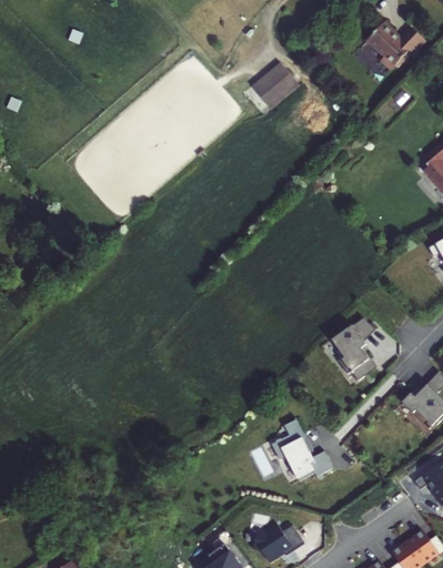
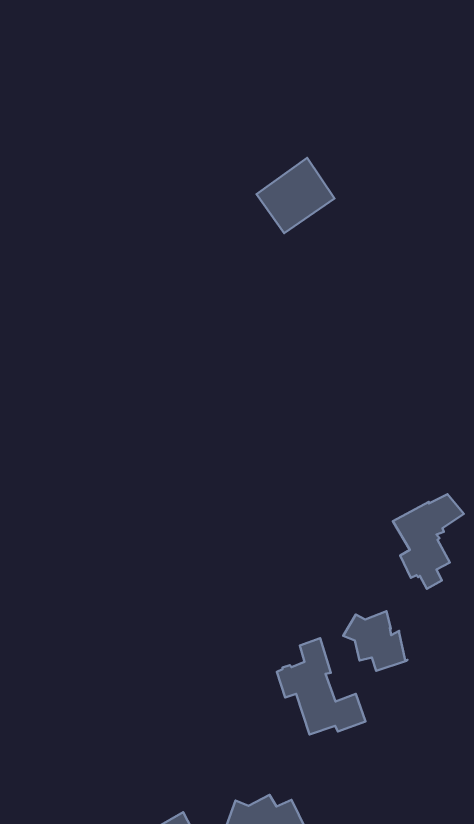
building: [250,60,300,110] -> [257,158,335,233]
building: none -> [343,611,408,671]

